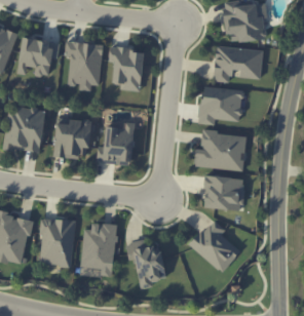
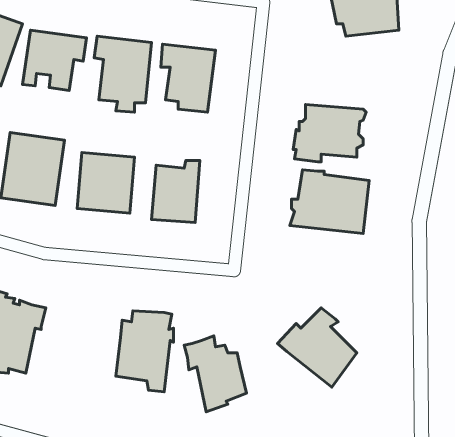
building: [212,46,263,81] -> none
building: [201,174,245,212] -> none
building: [40,218,75,268] -> none

